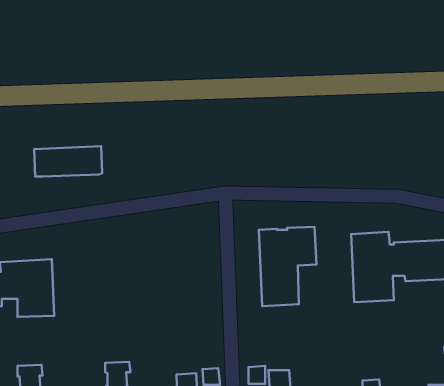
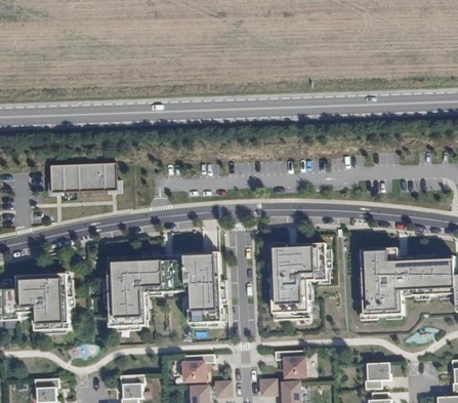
building: none -> [108,253,222,327]
building: none -> [275,350,306,378]
building: none -> [180,354,215,384]
building: none -> [364,362,389,389]

